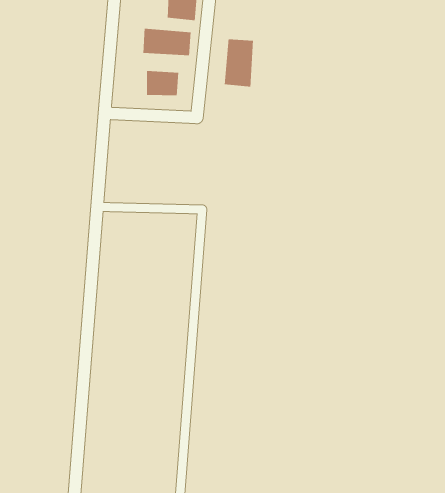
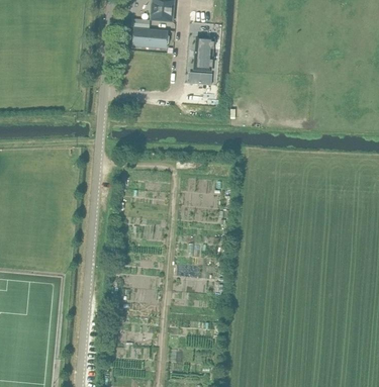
building: [146,70,179,96] -> none

